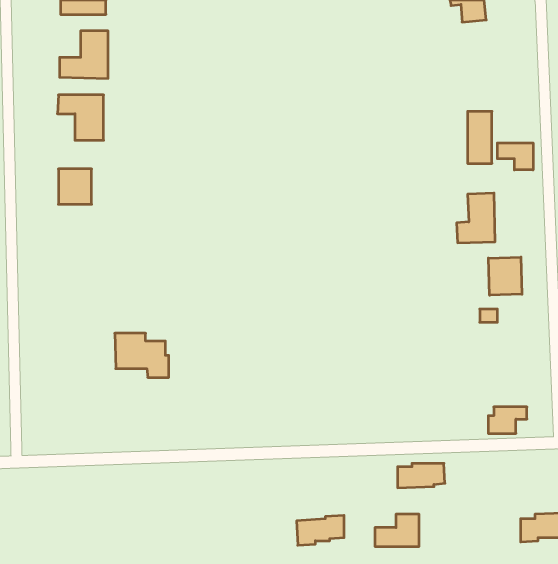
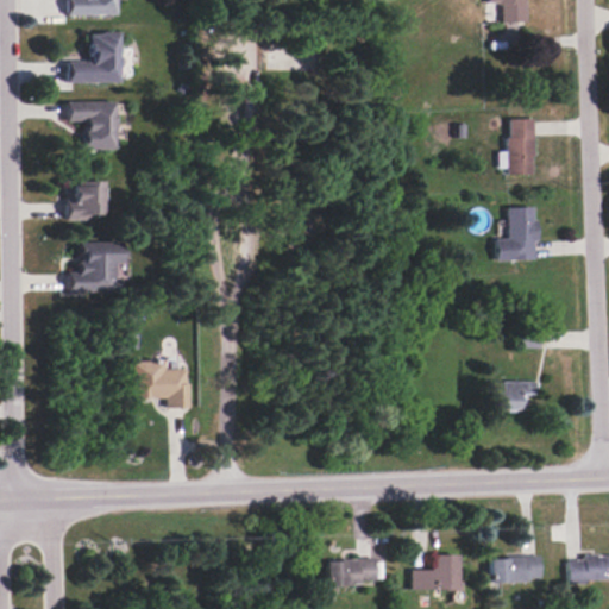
building: [497,143,533,170] -> none
building: none -> [70,244,125,294]
building: [488,257,522,295] -> none
building: [488,407,527,433] -> [497,383,539,412]
building: [398,463,445,488] -> [490,555,541,582]

